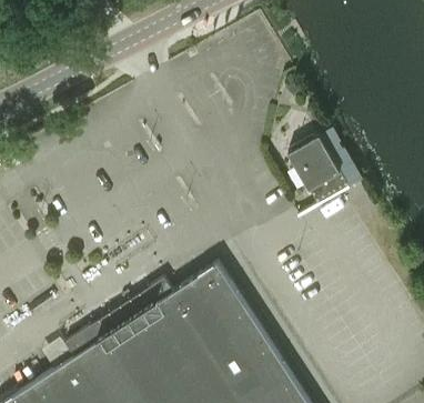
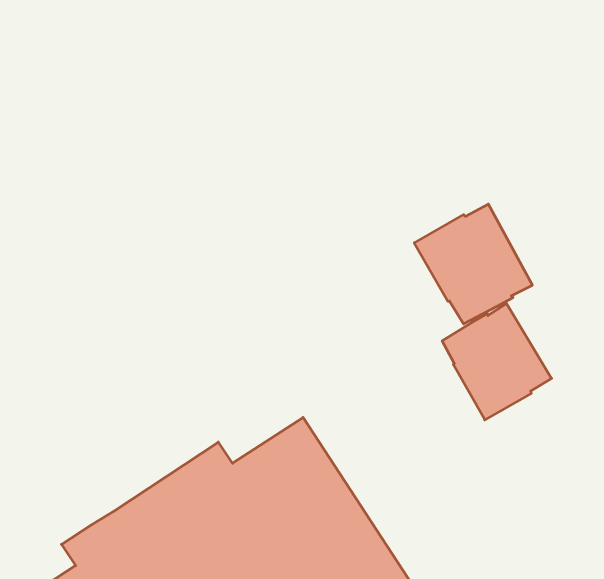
building: none -> [442,304,552,420]

